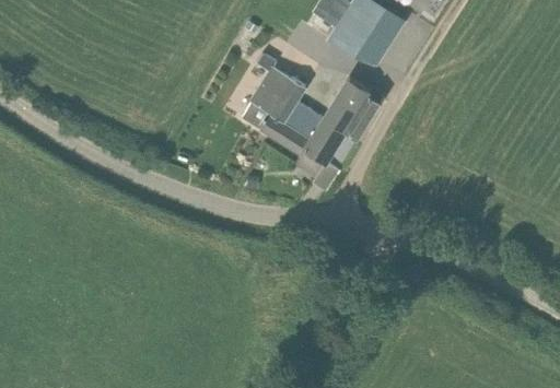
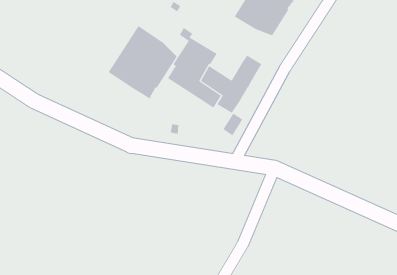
building: none -> [108,25,177,100]
building: [343,78,380,138] -> none

